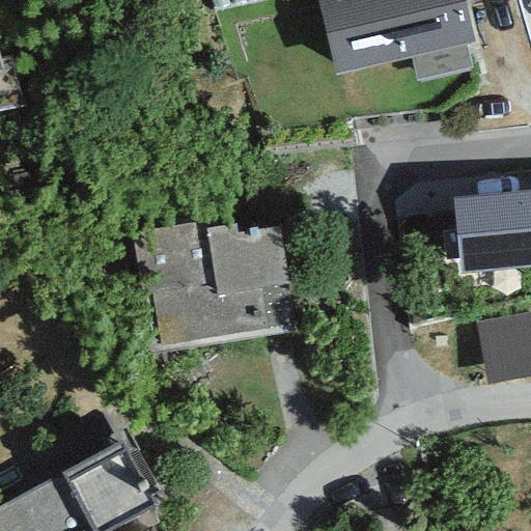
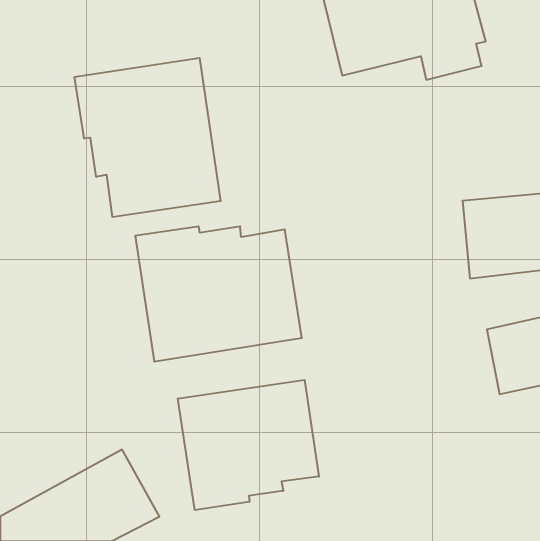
building: none -> [75,58,221,217]
building: none -> [178,380,319,510]

